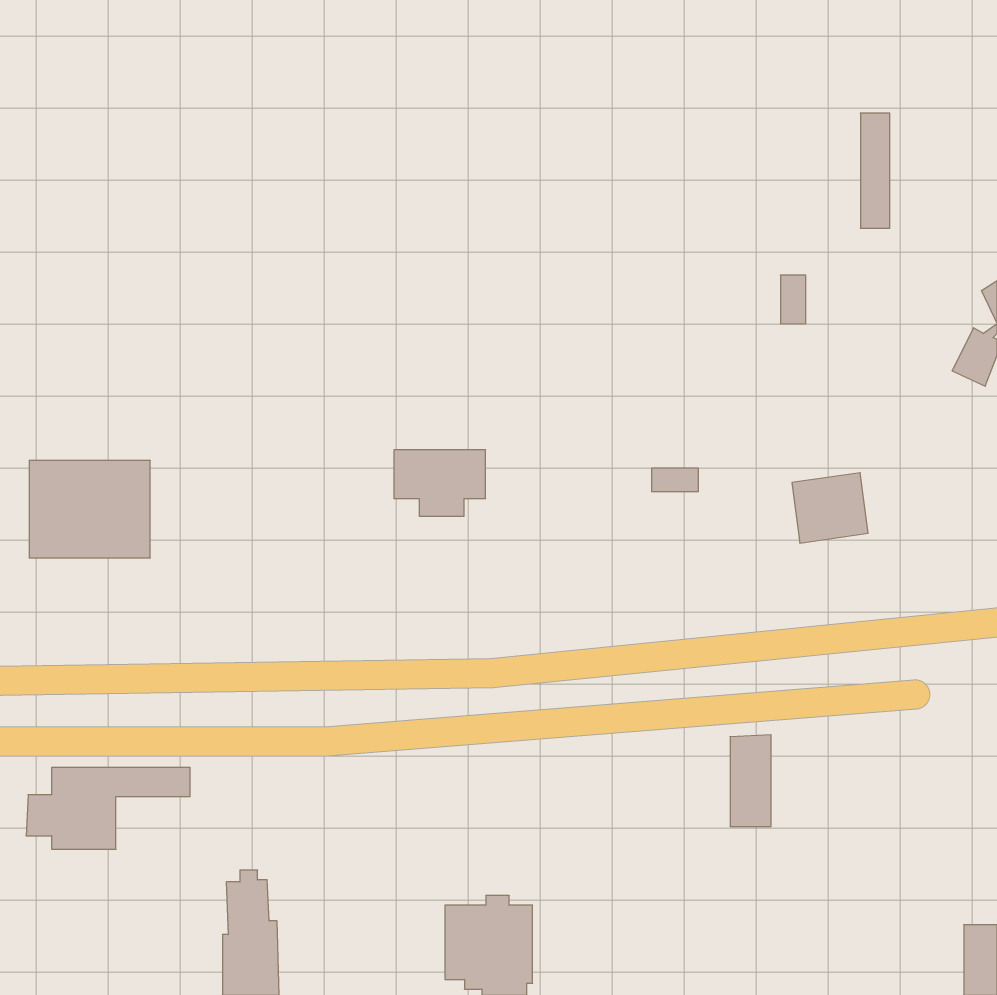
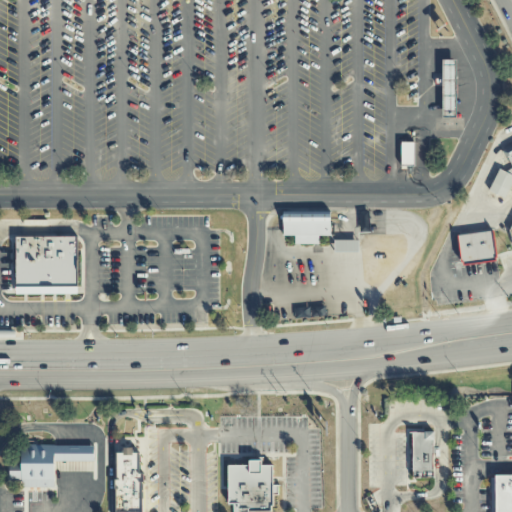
building: [394,450,486,516] -> [282,210,329,244]
building: [792,473,868,543] -> [457,229,496,265]
building: [730,735,771,826] -> [412,431,433,478]
building: [26,767,190,849] -> [8,445,92,487]

